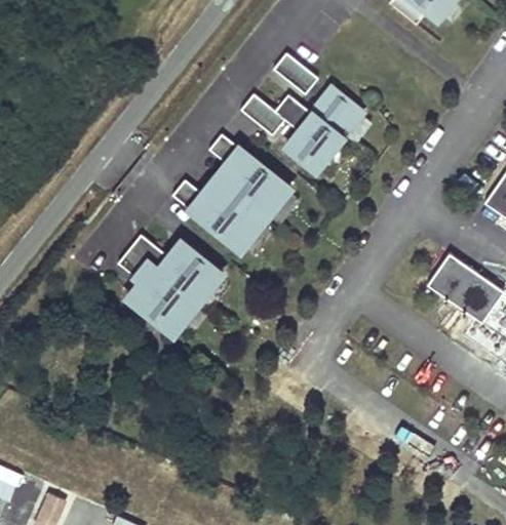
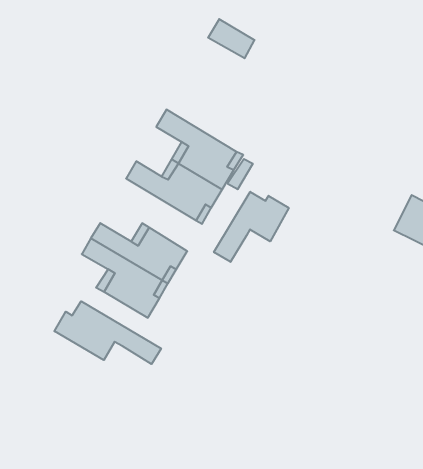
building: [242,90,364,172] -> none
building: none -> [214,192,289,262]
building: none -> [54,301,161,364]

